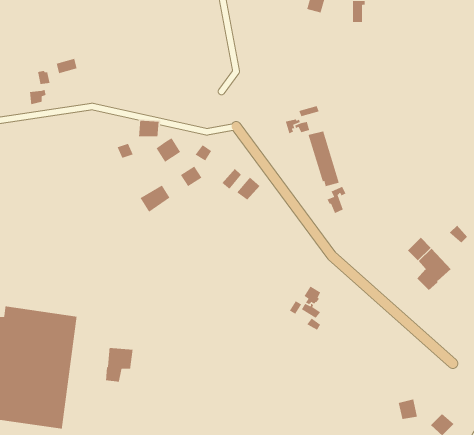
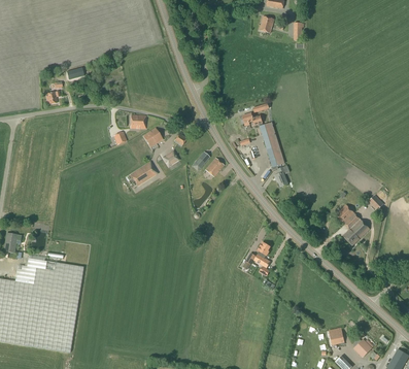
building: [105,347,134,383] -> none

